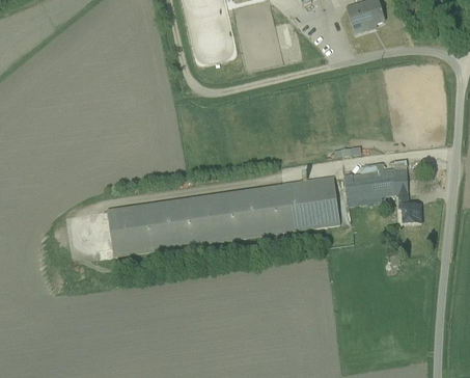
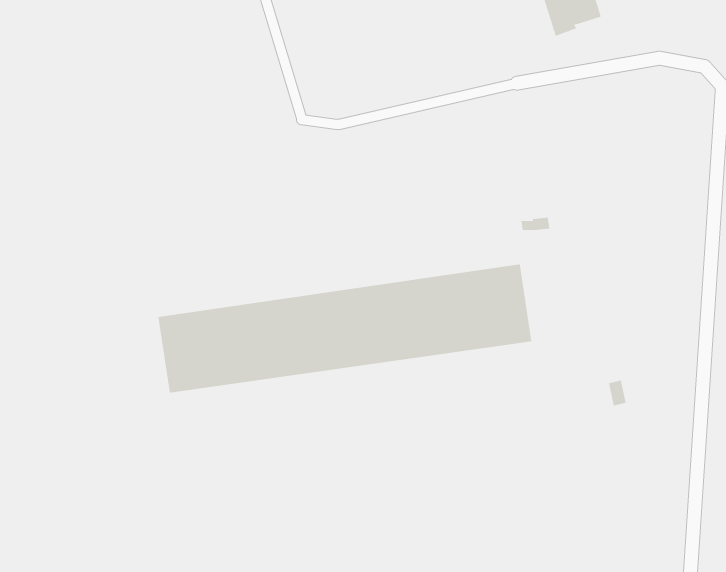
building: [343,159,421,223] -> none

